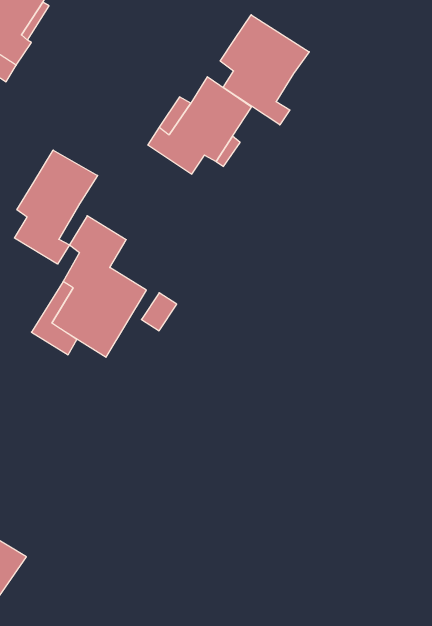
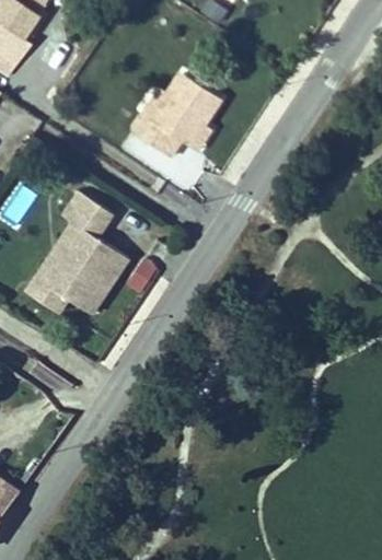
building: [220,15,309,125] -> none
building: [14,150,98,264] -> none

